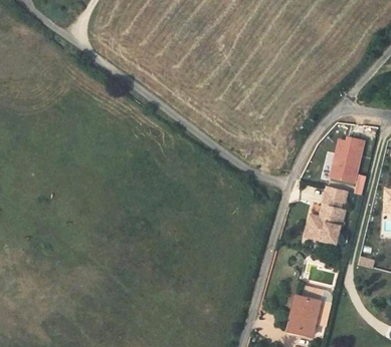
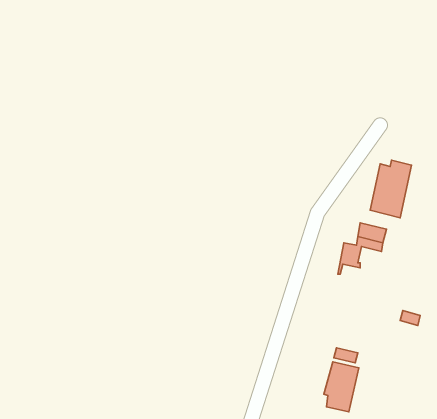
building: [303,204,343,238] -> none

